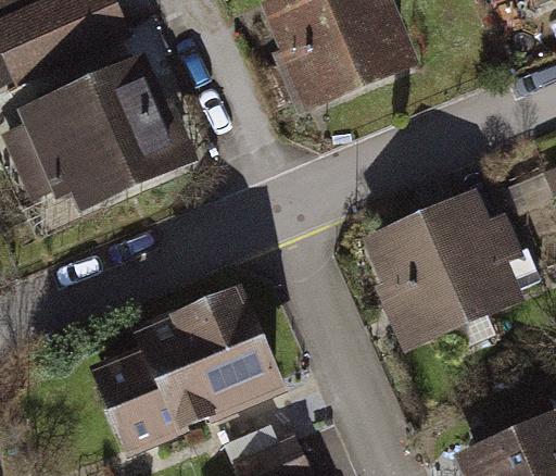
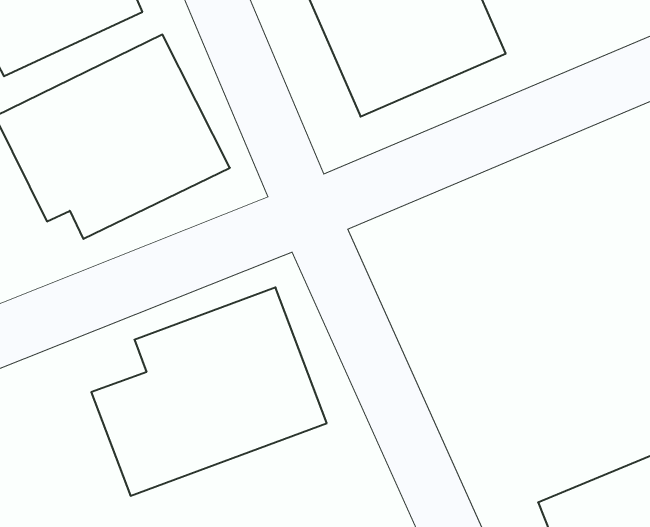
building: [354,171,532,336] -> none

